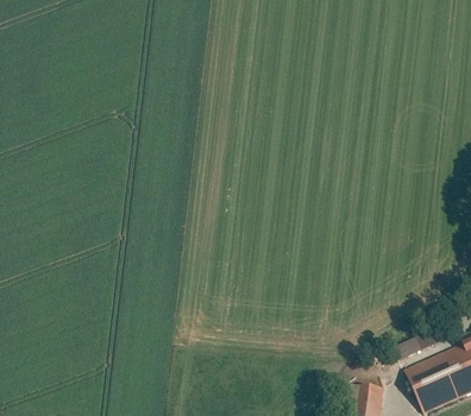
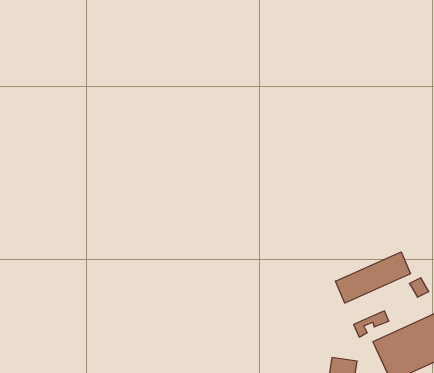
building: none -> [335,252,410,303]

